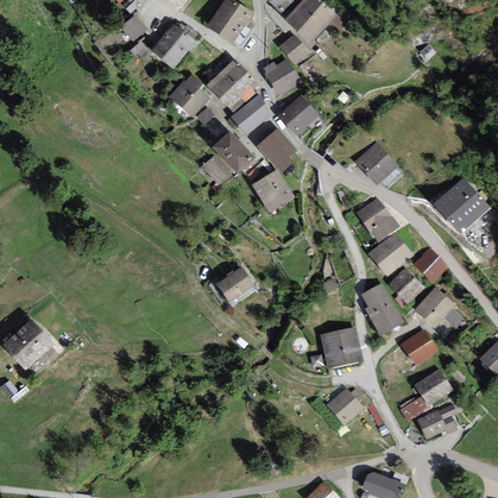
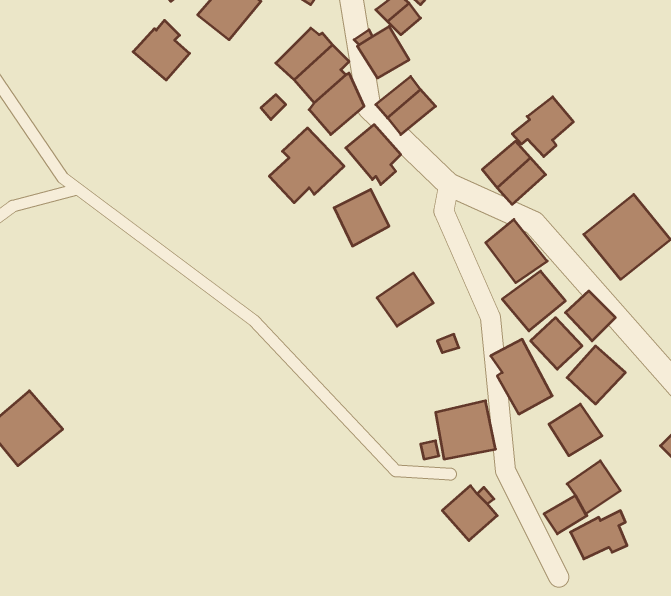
building: [169,74,209,116] -> [133,20,190,80]
building: none -> [512,97,573,157]
building: [215,265,256,303] -> [377,273,433,326]

